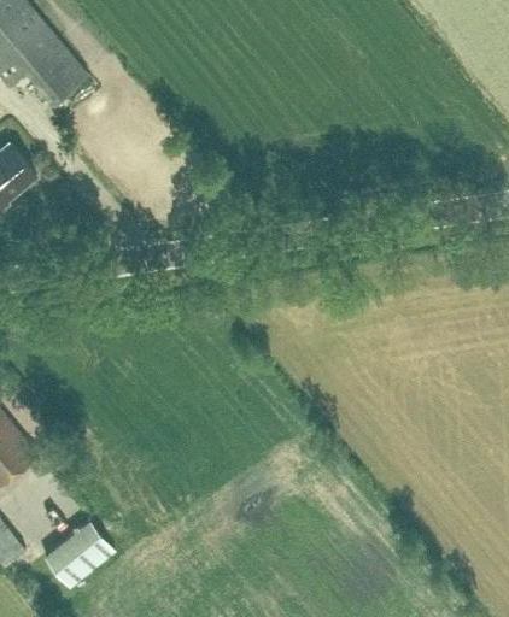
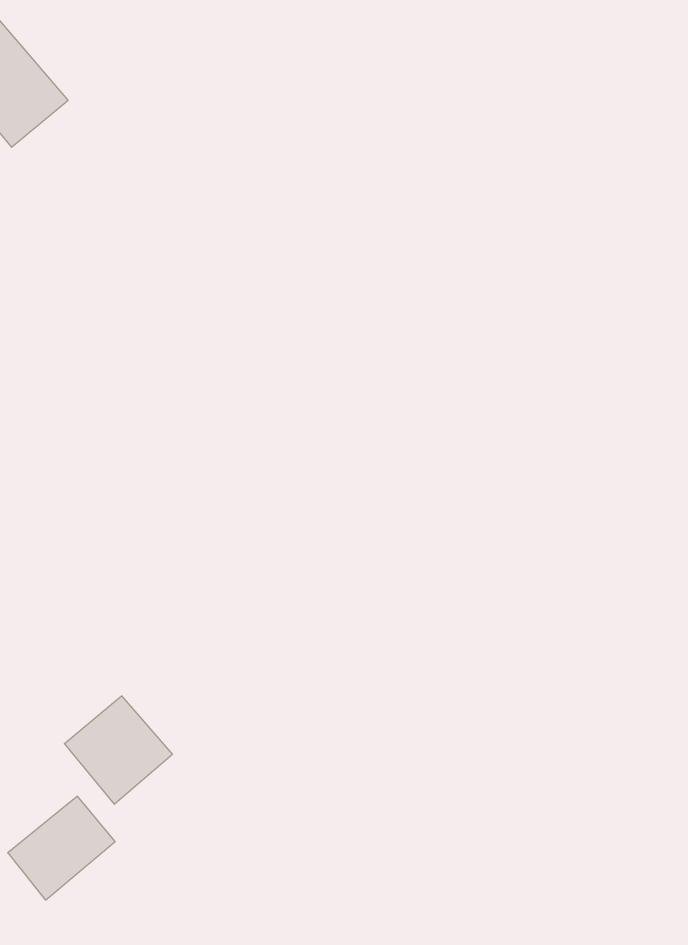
building: none -> [64,696,172,804]

